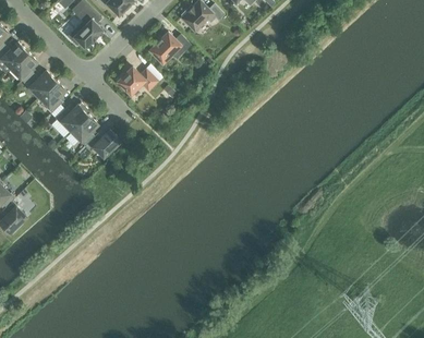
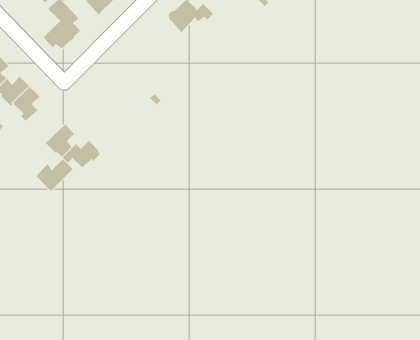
building: [149,32,190,62] -> none
building: [118,68,157,96] -> none
building: [54,102,89,133] -> [36,158,73,192]

